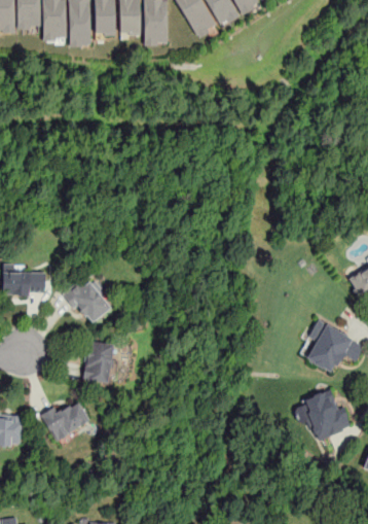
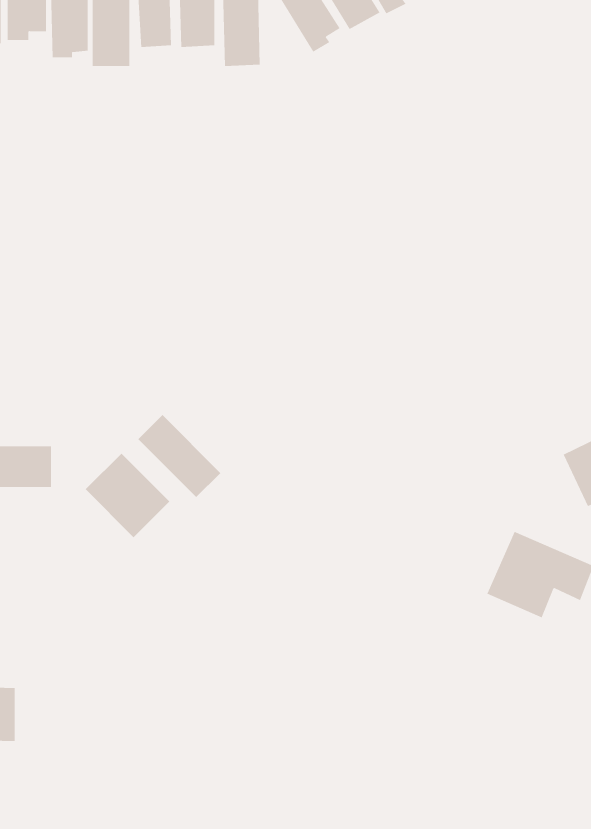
building: none -> [137,414,221,498]
building: [83,341,115,383] -> none
building: [292,389,352,441] -> none
building: [42,398,90,440] -> none

